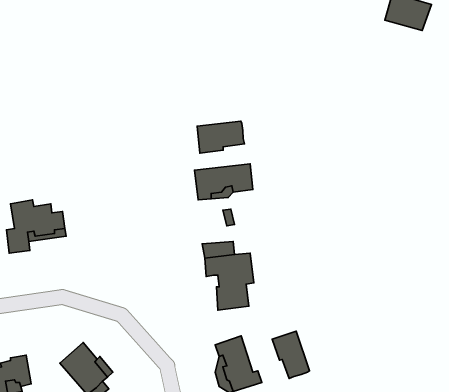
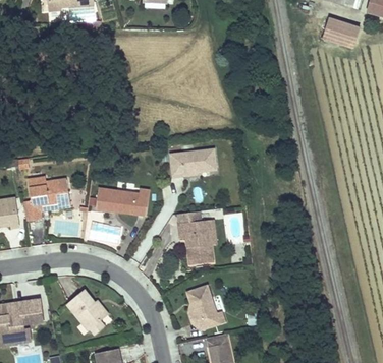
building: [197,121,244,153] -> none
building: none -> [97,186,149,216]
building: [272,331,309,379] -> none

